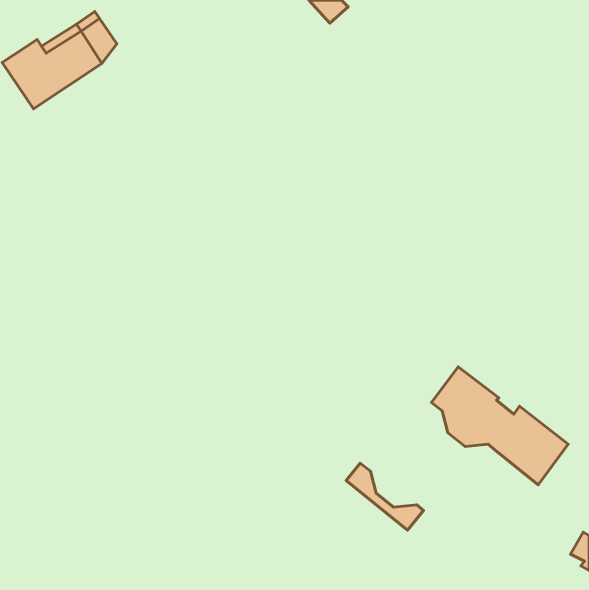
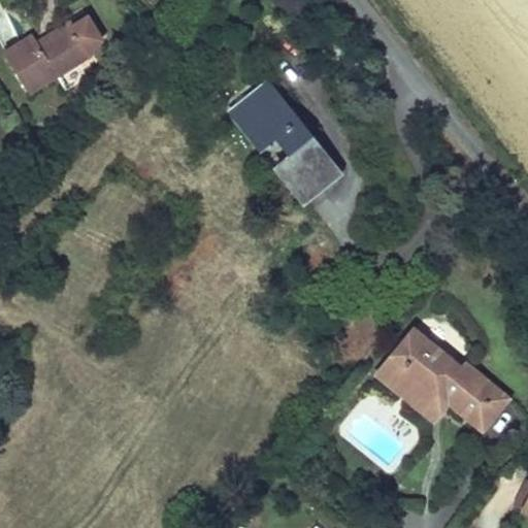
building: none -> [237,84,341,197]
building: [346,463,424,530] -> [372,360,441,420]

